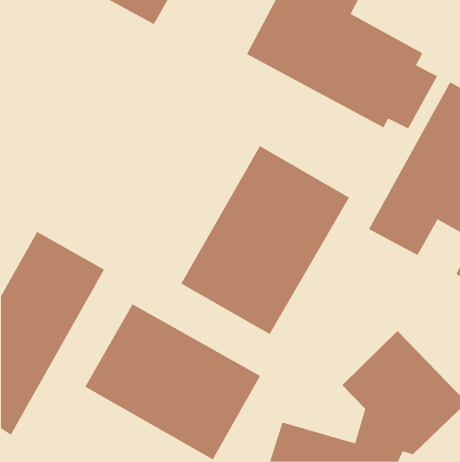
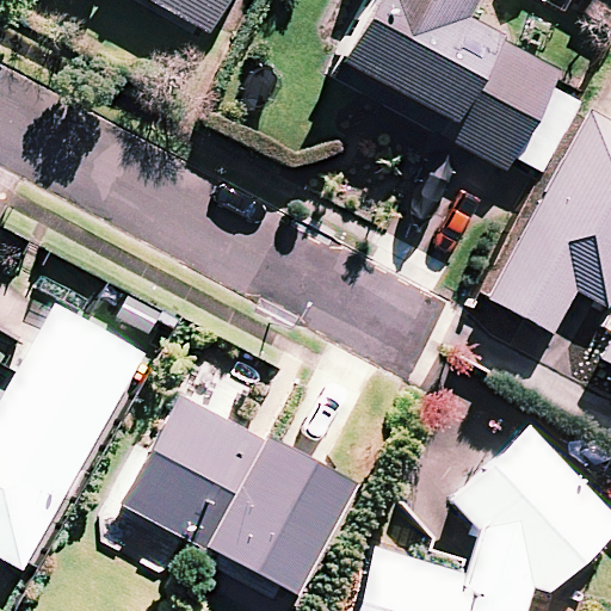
building: [180,145,350,335] -> none

